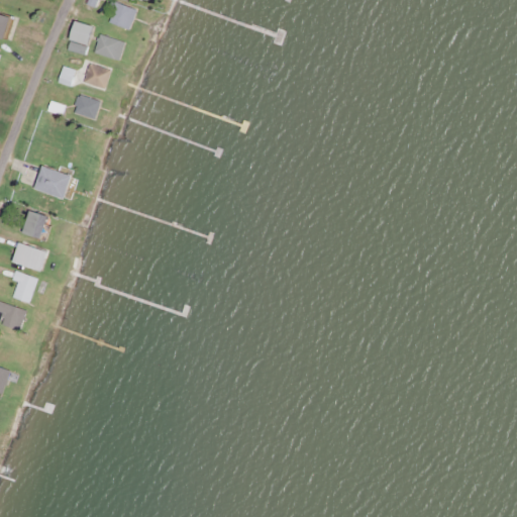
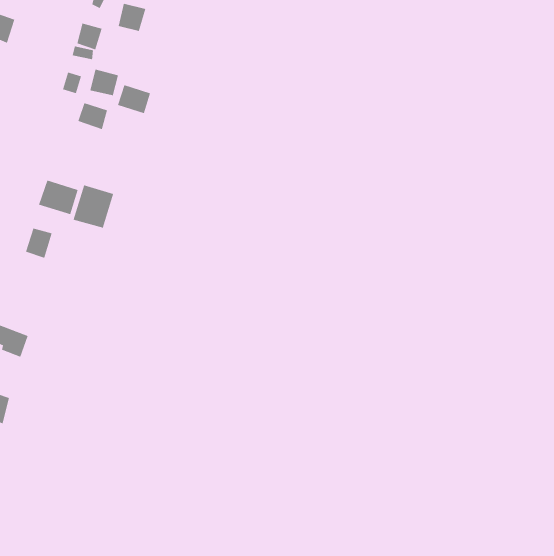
building: [93,34,124,62] -> [117,84,151,114]
building: none -> [73,184,114,228]
building: [14,244,48,271] -> none
building: [11,271,37,303] -> none

